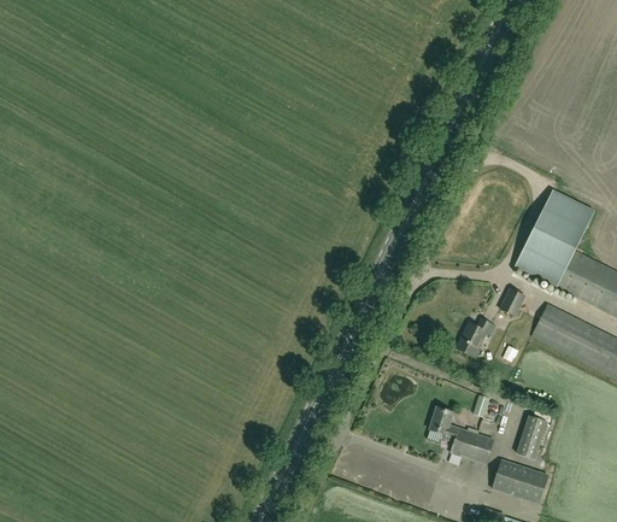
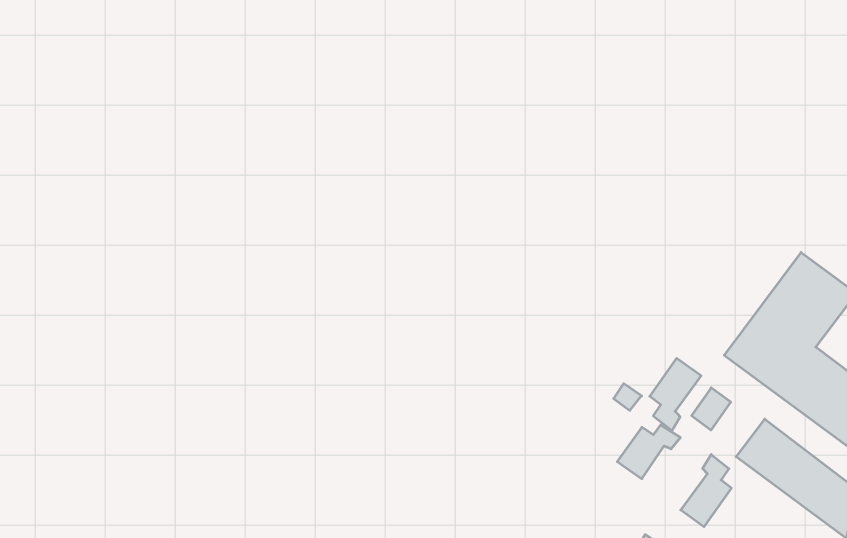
building: none -> [650,358,701,431]
building: none -> [681,454,731,527]

